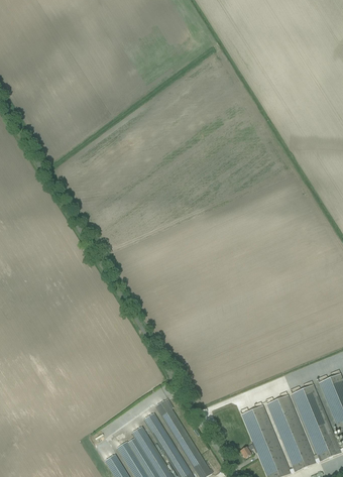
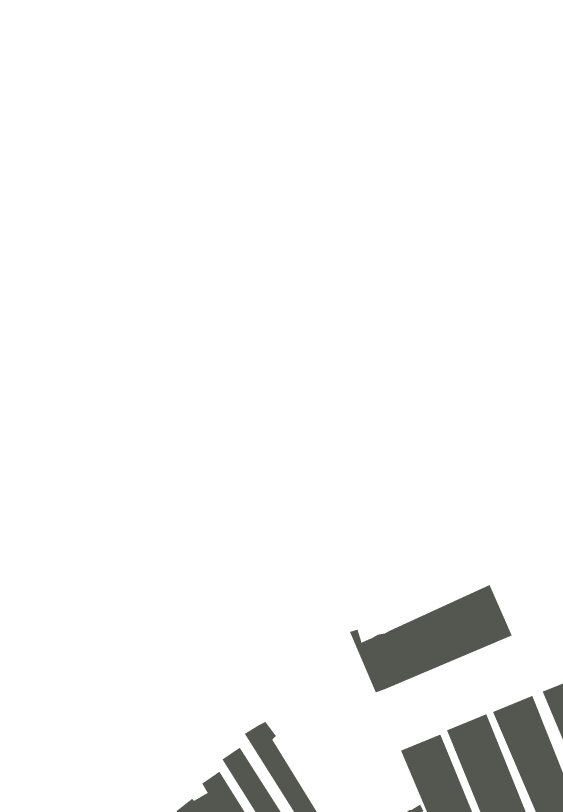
building: none -> [349,584,513,693]

